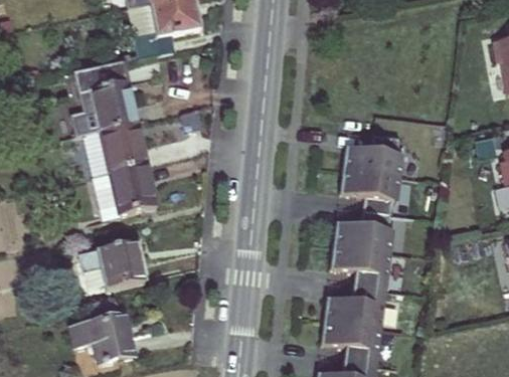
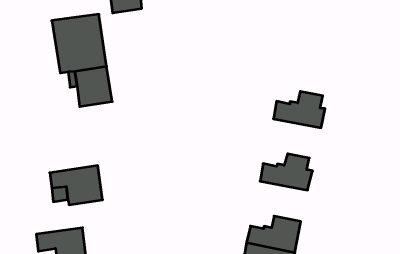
building: [93,165,158,222] -> none
building: [339,170,399,213] -> none
building: [329,245,389,290] -> none

